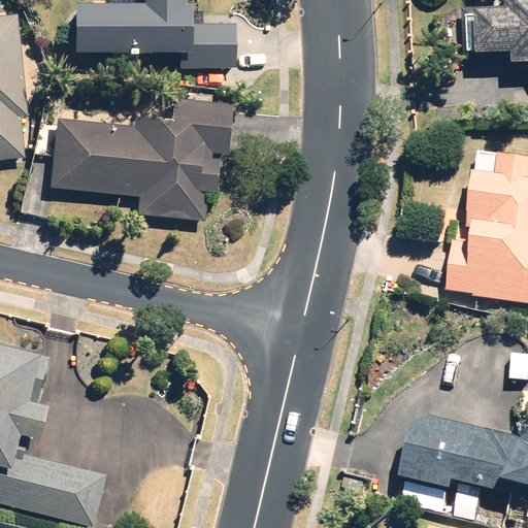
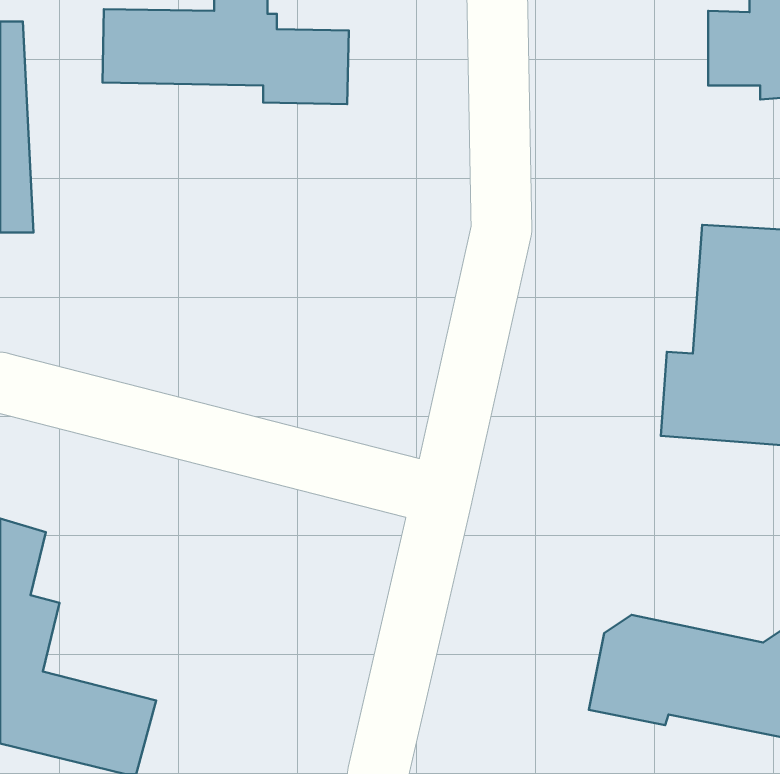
building: [50,100,229,218] -> none

